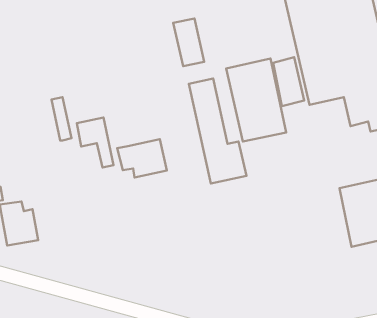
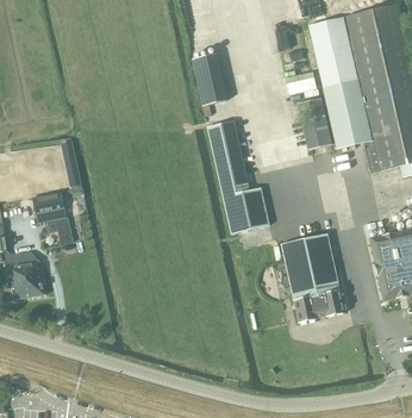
building: [226,58,286,141] -> [280,232,344,322]
building: [77,118,113,167] -> [32,191,71,244]
building: [117,139,167,178] -> none

